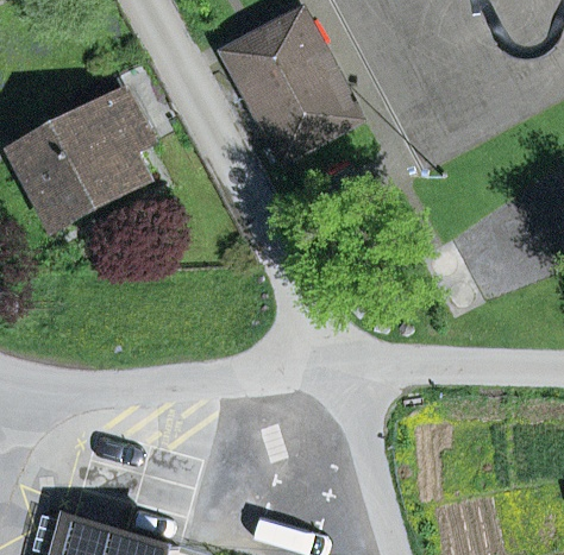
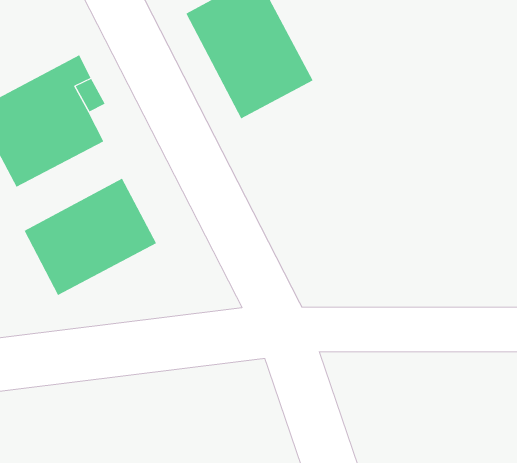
building: none -> [24,178,157,296]

